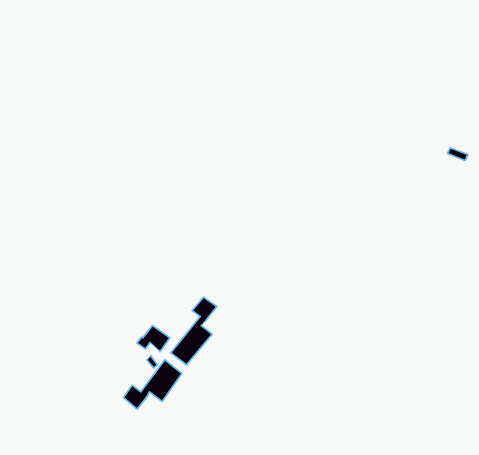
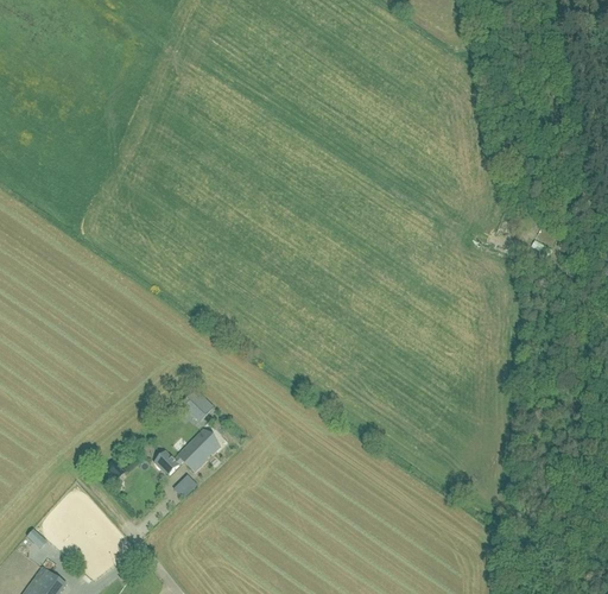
building: [171,297,217,365] -> none

